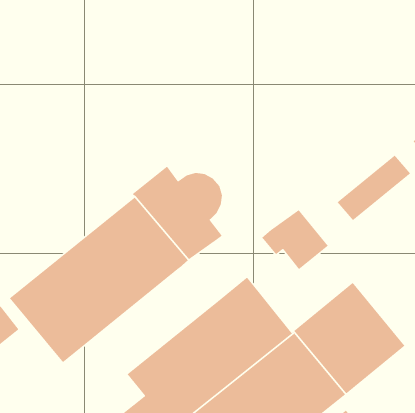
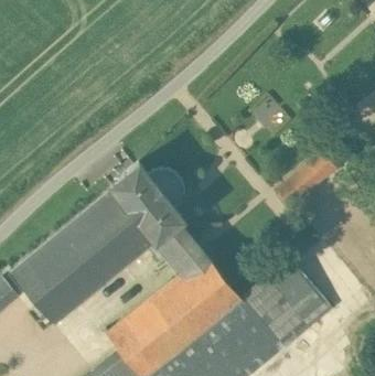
building: [261,209,329,270] -> [148,224,203,273]

